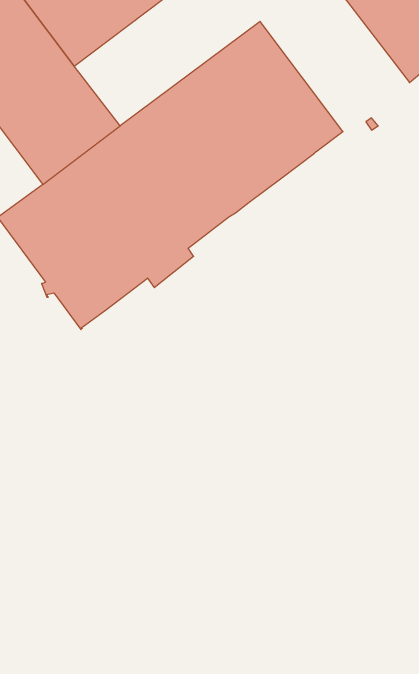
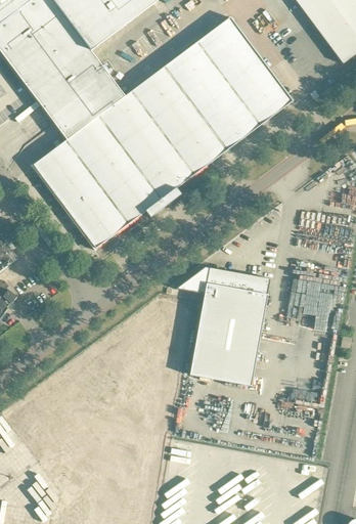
building: none -> [175,266,270,385]

